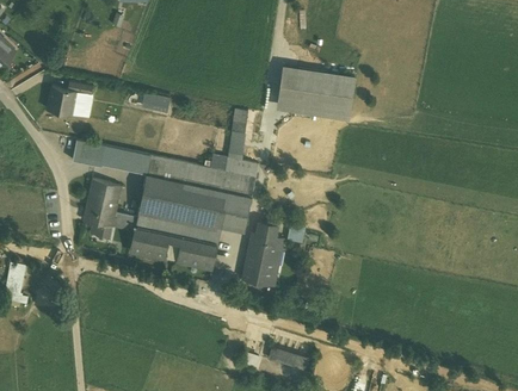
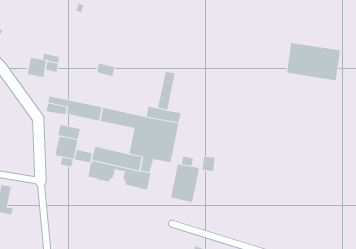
building: [278,67,353,119] -> [286,42,341,81]
building: [140,175,193,221] -> none

